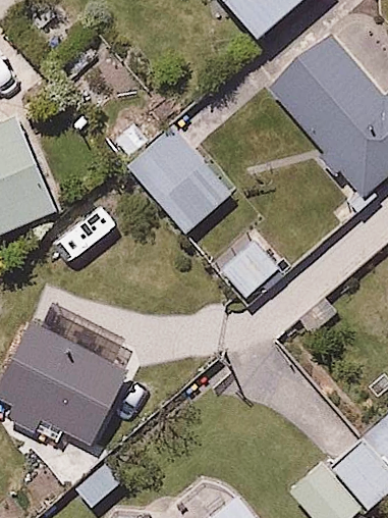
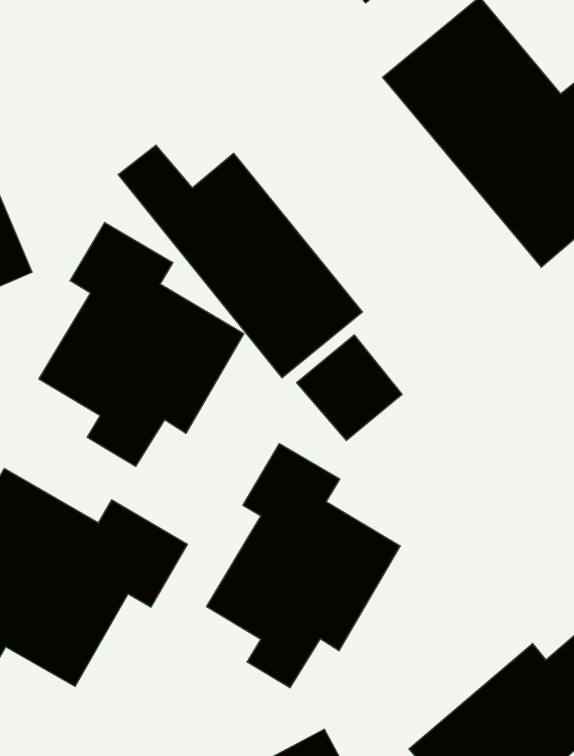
building: none -> [39,222,244,466]
building: none -> [207,444,400,688]

